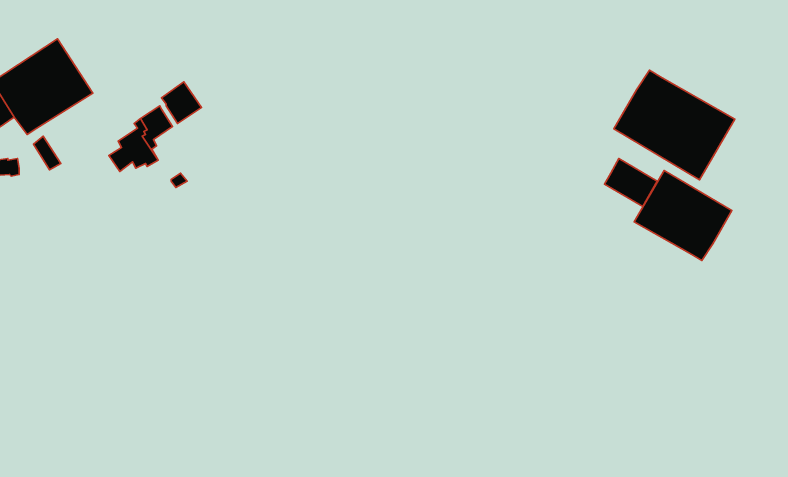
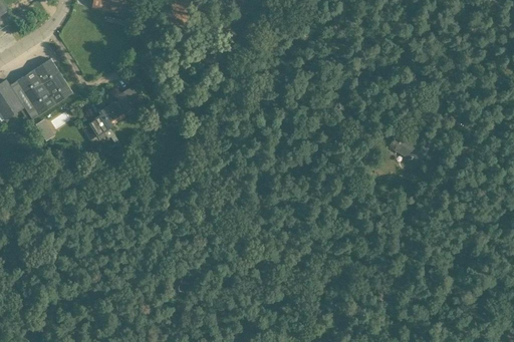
building: [614,70,735,180] -> none
building: [634,170,732,260] -> none

